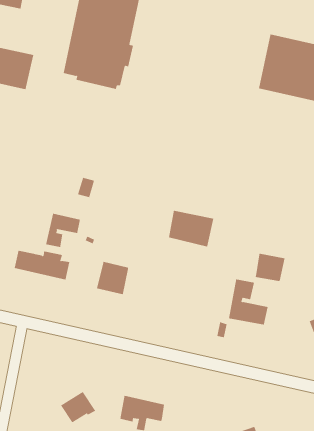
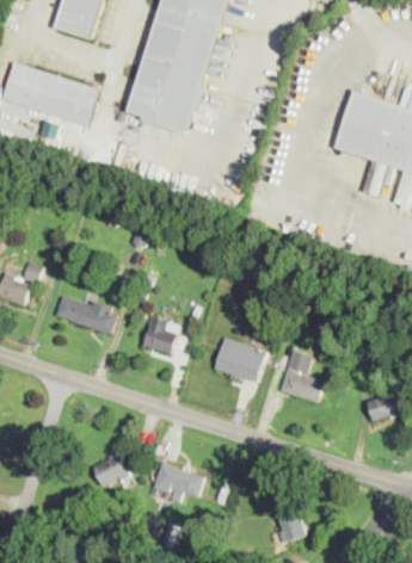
building: [168,210,214,247] -> [214,339,265,382]
building: [46,213,81,248] -> none
building: [254,253,285,282] -> none

